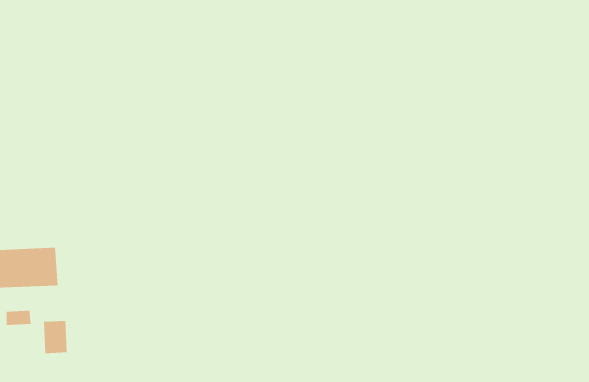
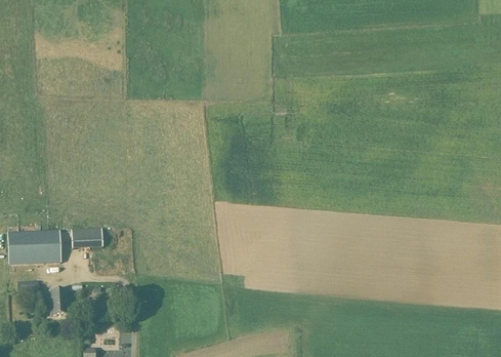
building: none -> [72,227,103,248]

